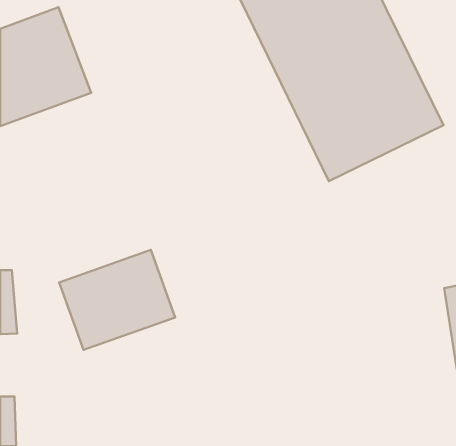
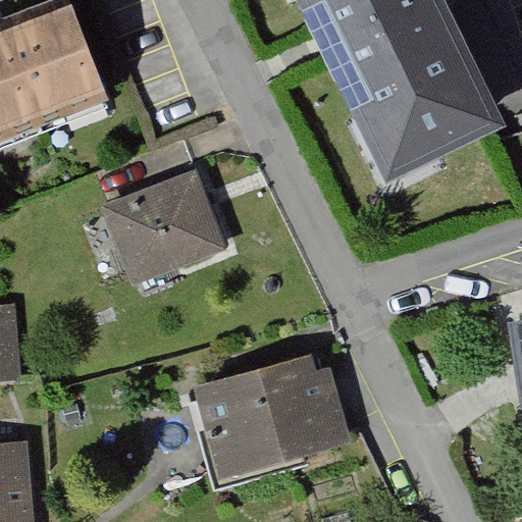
building: [59,250,175,350] -> [97,174,228,288]
building: none -> [194,353,350,483]

